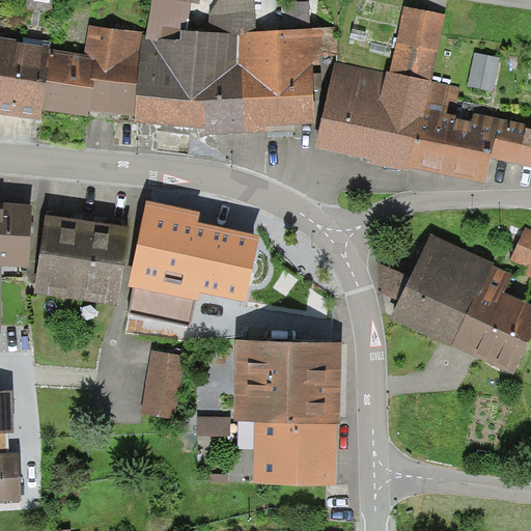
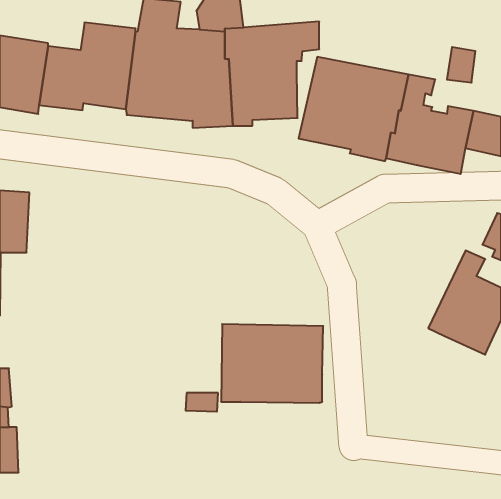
building: [389,4,445,79] -> none
building: [122,200,257,328] -> none
building: [33,216,130,306] -> none
building: [390,232,493,346] -> none
building: [140,348,185,419] -> none
building: [253,424,337,485] -> none

